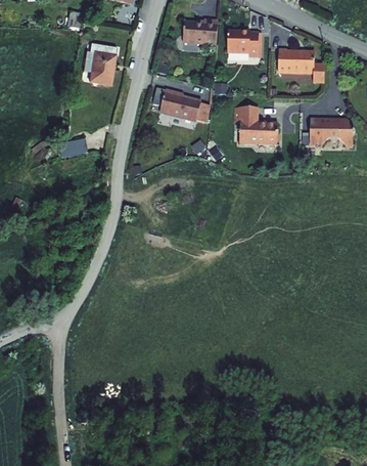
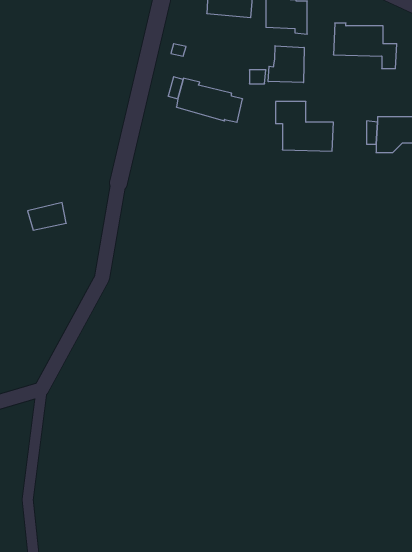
building: [83,45,117,86] -> none
building: none -> [268,46,304,83]
building: [58,137,87,158] -> [28,203,66,230]

